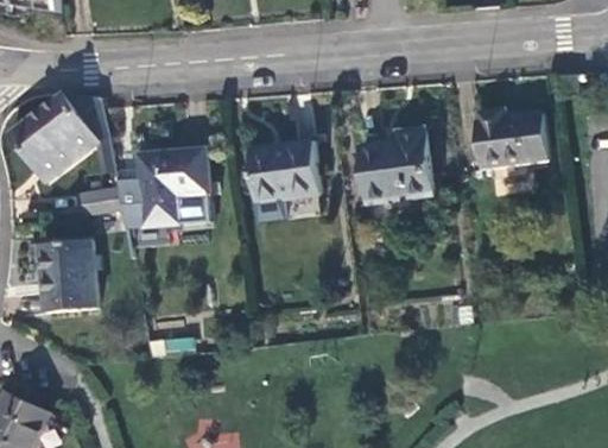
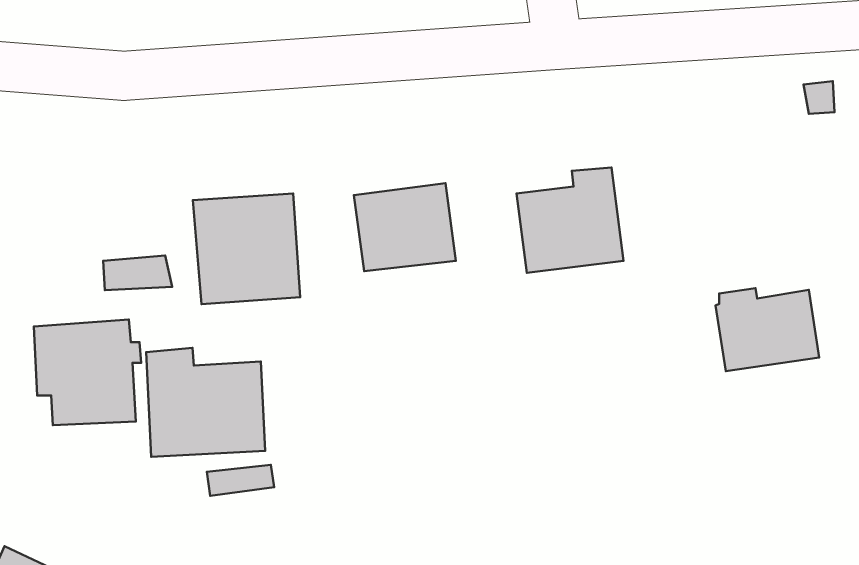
building: [10,90,107,181] -> none
building: [477,111,549,168] -> [716,288,819,371]
building: none -> [146,348,265,457]

